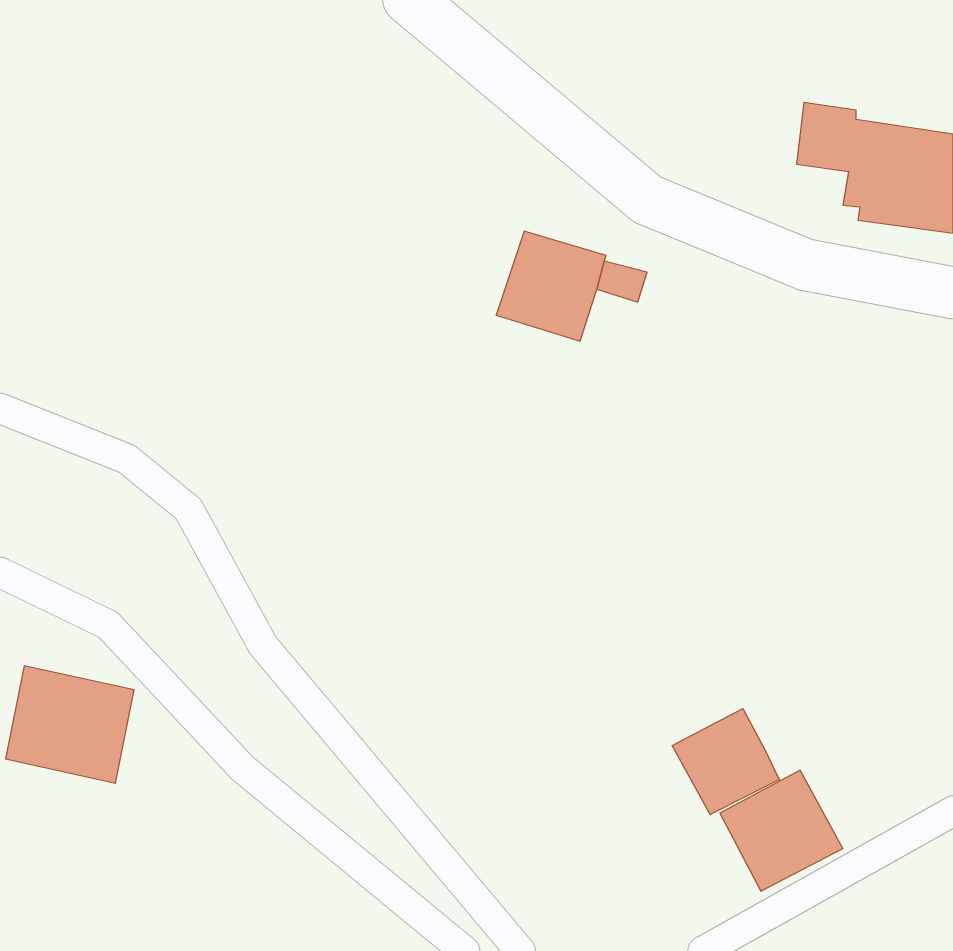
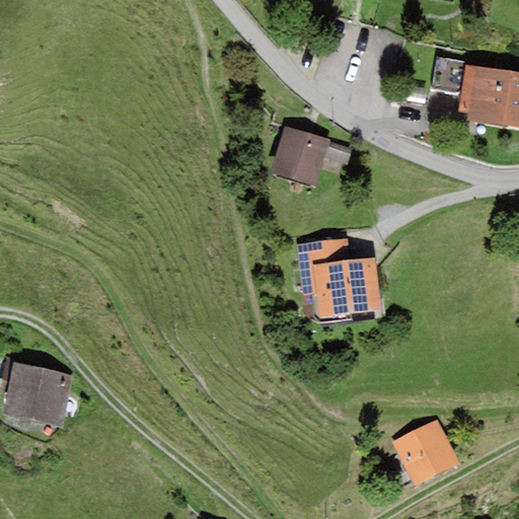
building: none -> [297,238,381,317]
building: [672,709,779,815] -> none

